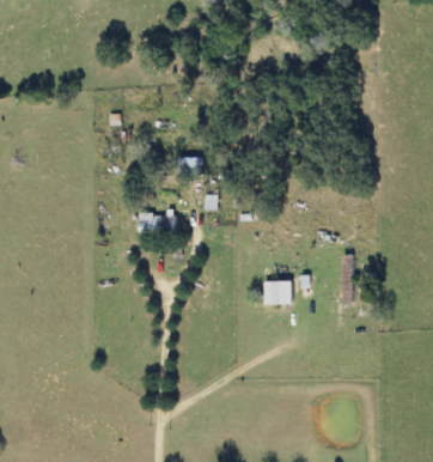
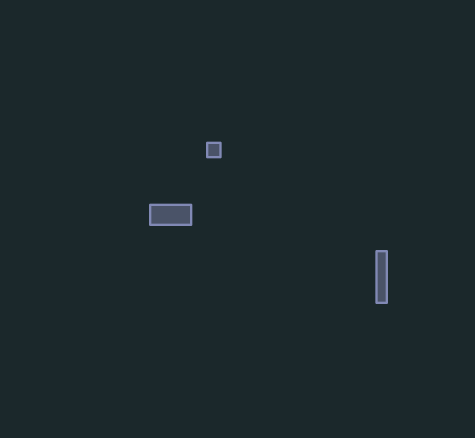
building: [264,280,291,303] -> none

